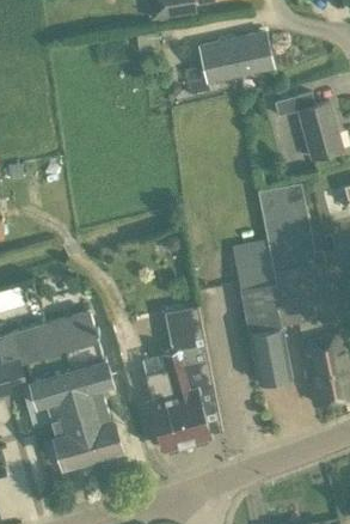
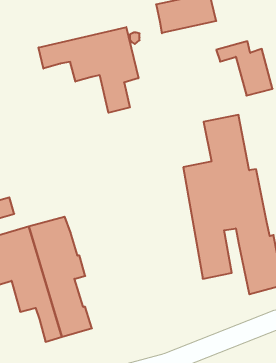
building: none -> [39,27,138,113]
building: [145,307,222,455] -> none

